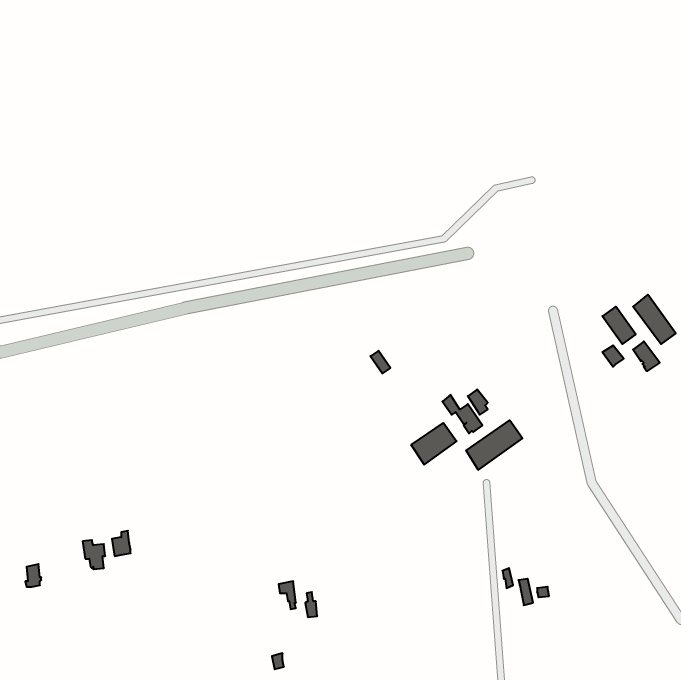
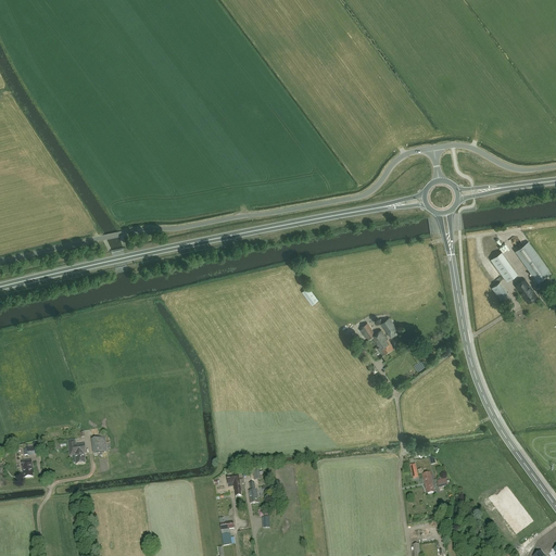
building: [466,420,522,470] -> none
building: [411,423,457,465] -> none

